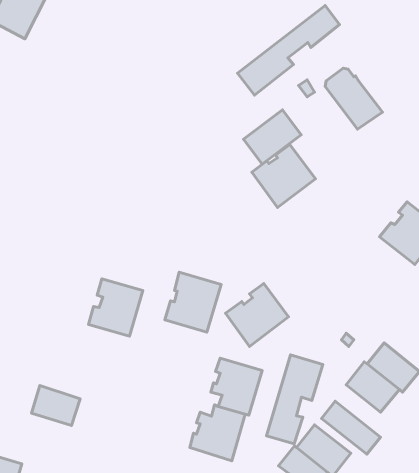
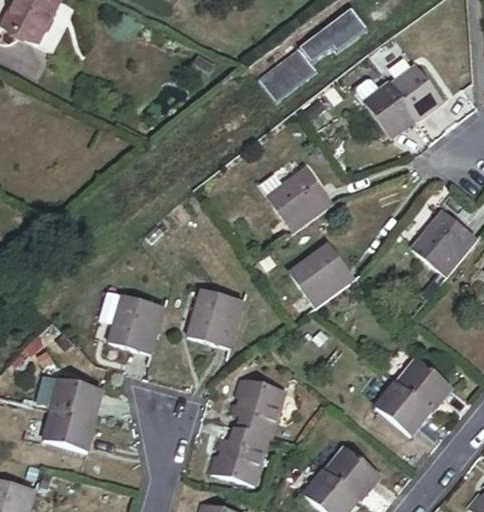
building: none -> [388,68,439,123]
building: [243,110,301,164] -> none
building: [226,283,289,346] -> [298,232,364,298]
building: [267,355,323,444] -> none
building: none -> [48,378,99,418]
building: [322,401,381,454] -> none

